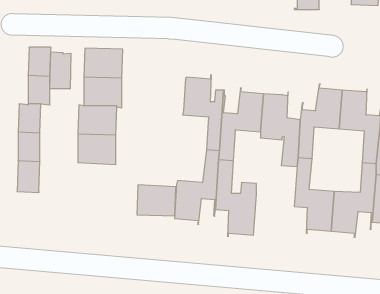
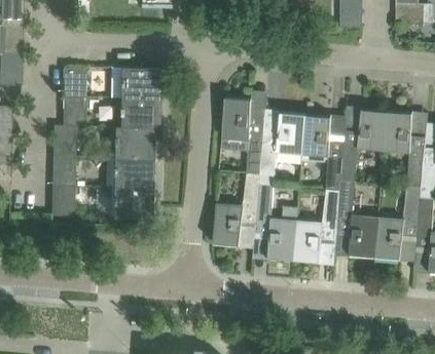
building: [50,52,71,89] -> none
building: none -> [295,190,340,268]
building: [137,185,176,216] -> [113,187,153,219]

